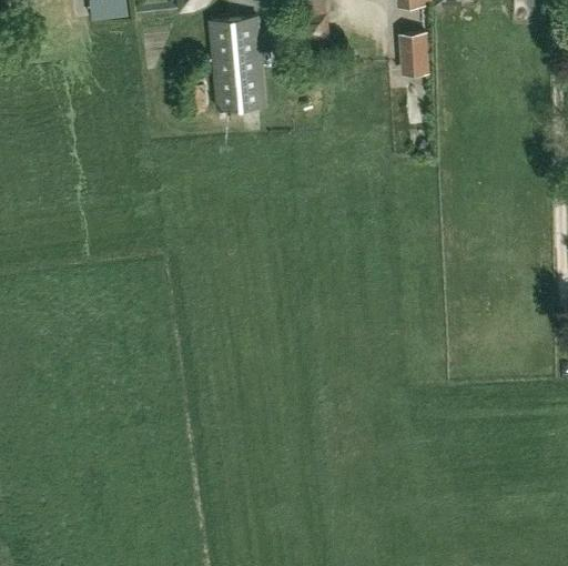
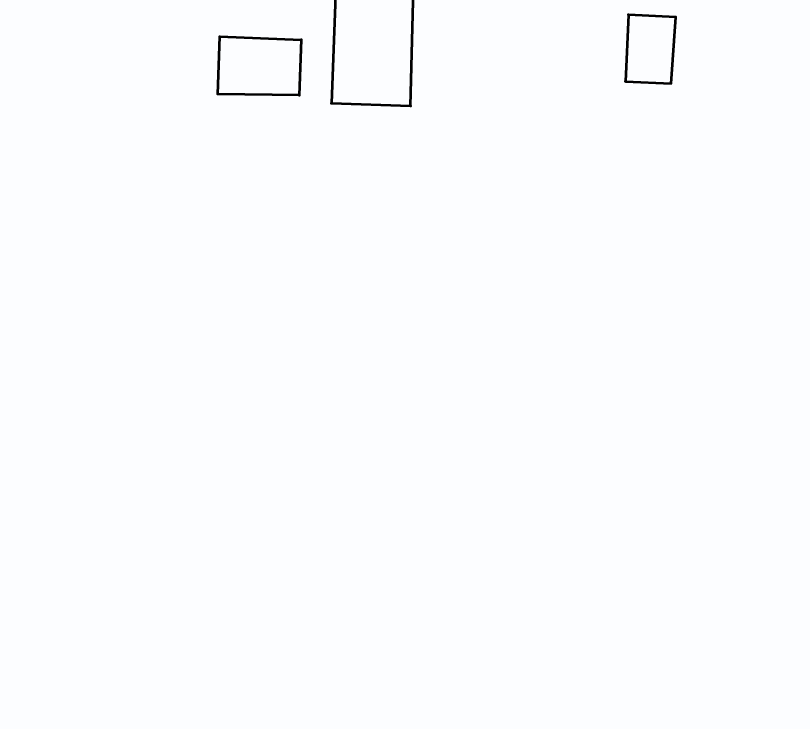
building: none -> [218,37,301,95]

